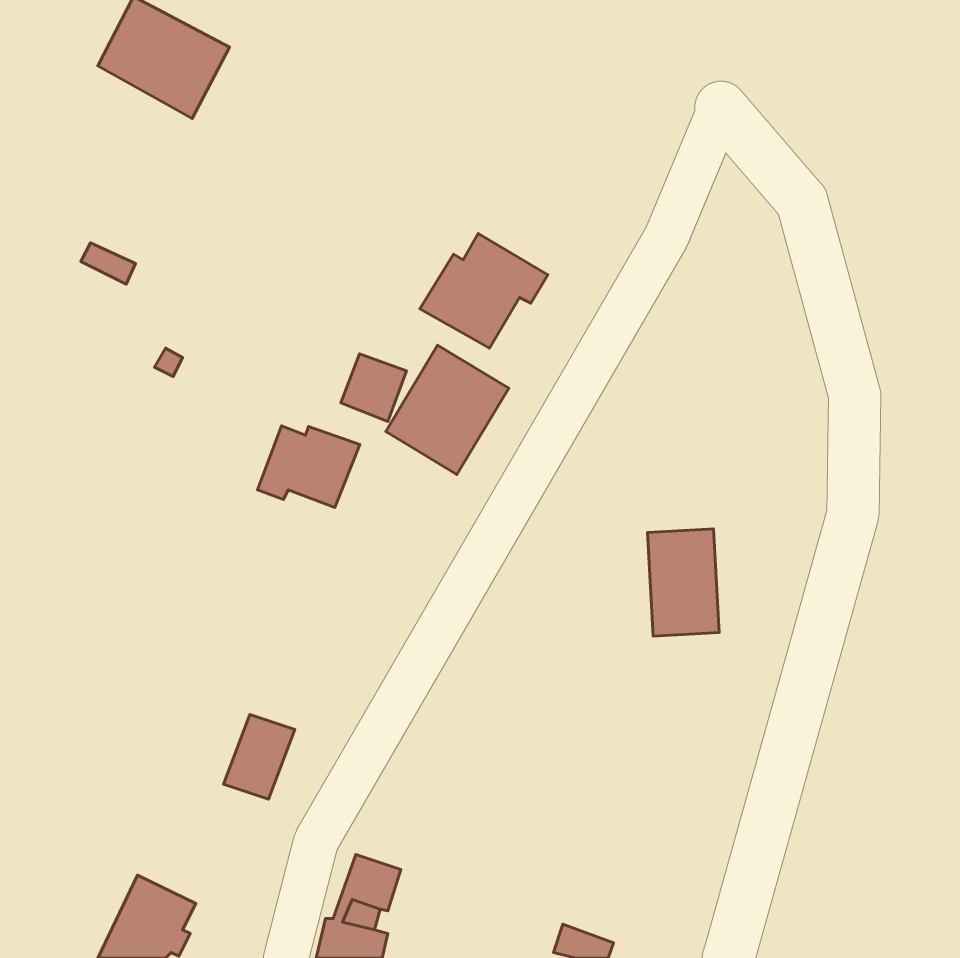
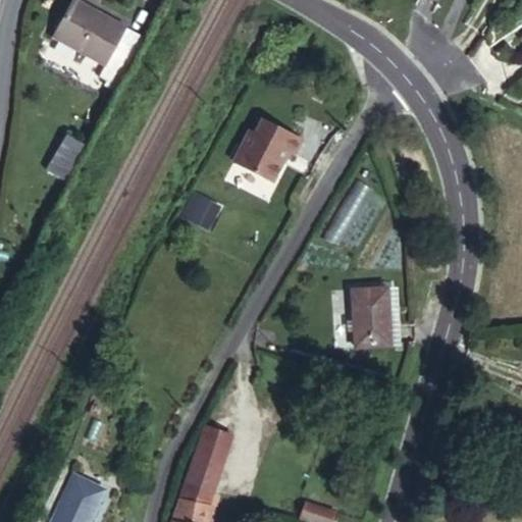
building: [386,345,509,474] -> none
building: [257,426,360,508] -> none
building: [223,714,295,799] -> [194,425,232,471]

